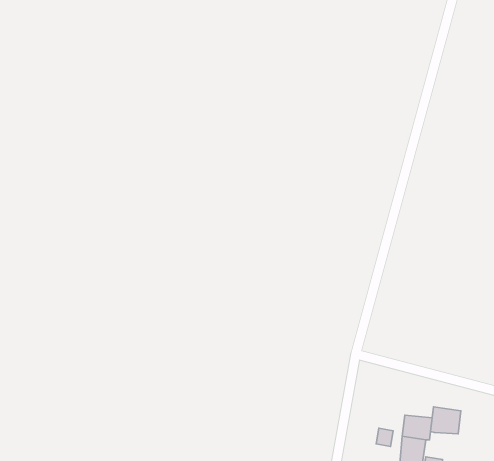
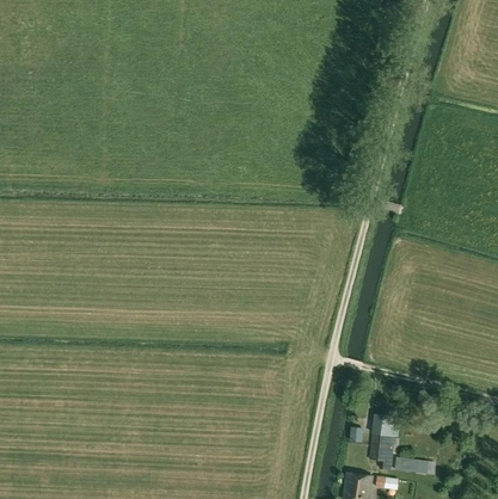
building: [431,407,461,434] -> none

